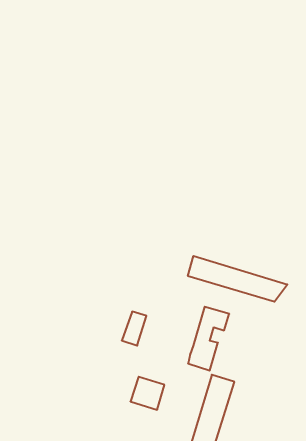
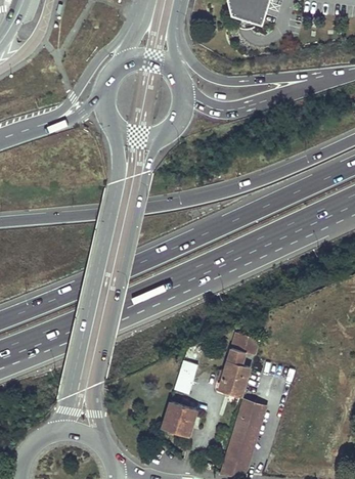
building: [188,256,287,302] -> none
building: [122,312,146,346] -> [173,361,197,395]

